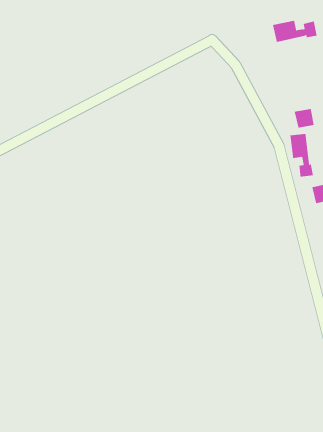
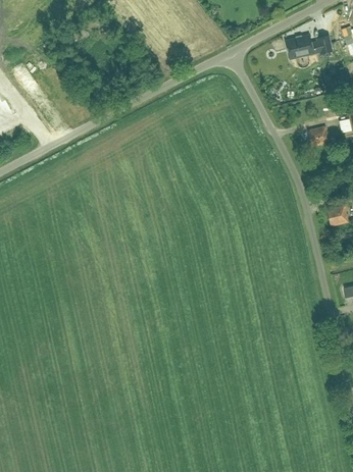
building: [290,133,313,178] -> none

